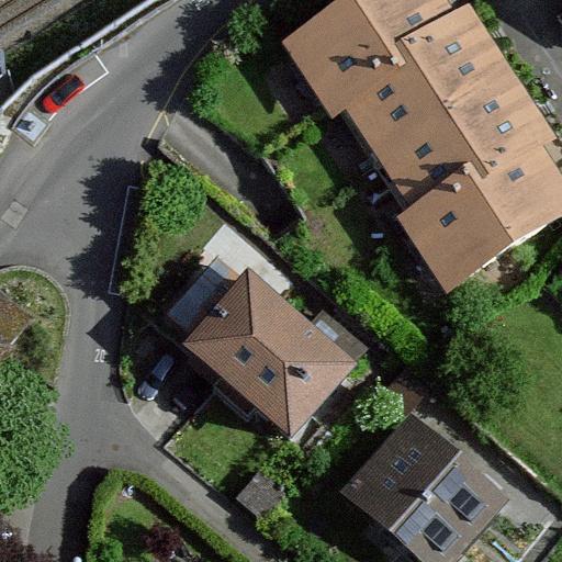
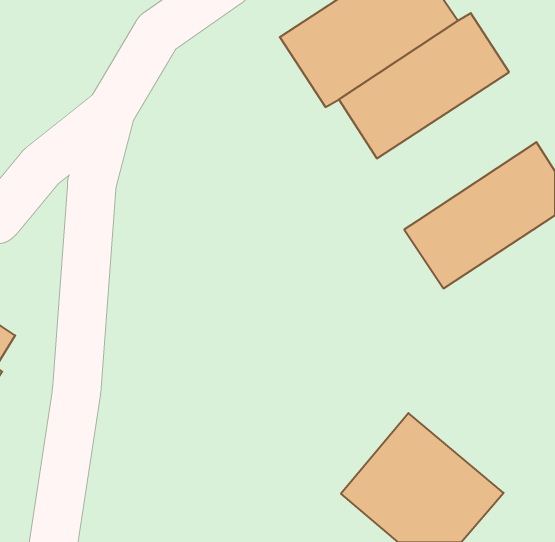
building: [379,72,552,222] -> none
building: [165,251,361,441] -> none

